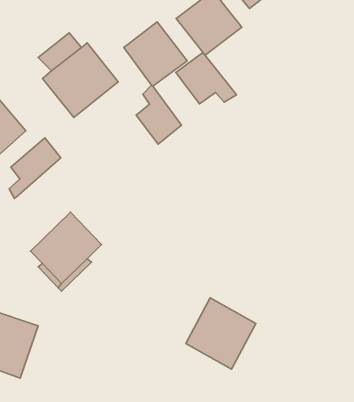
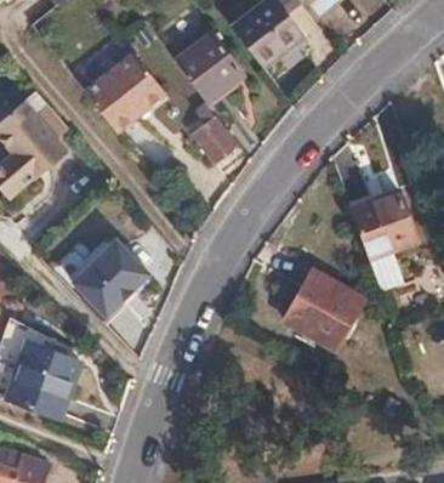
building: [176,53,236,104] -> none
building: [9,138,61,198] -> none
building: none -> [347,188,416,257]
building: [186,298,256,369] -> [286,271,363,348]

